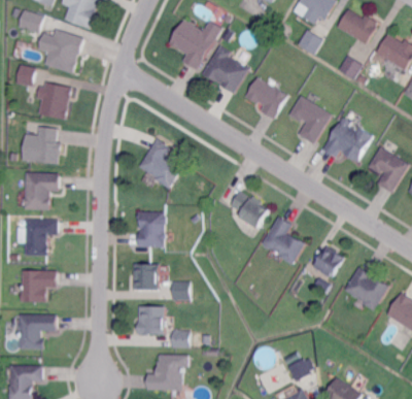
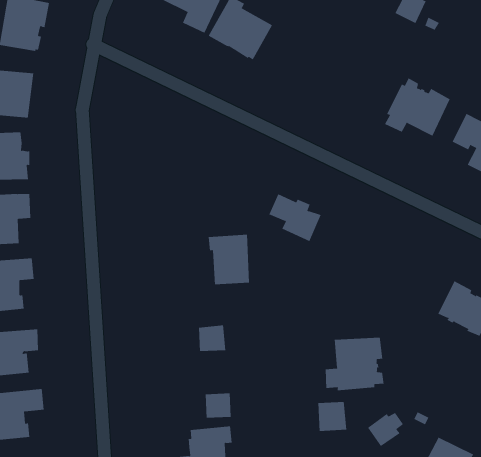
building: [244,77,287,120] -> none
building: [285,95,329,144] -> none
building: [138,139,183,189] -> none
building: [136,212,165,248] -> [208,234,250,285]
building: [260,218,303,264] -> none
building: [314,247,343,276] -> none
building: [131,264,158,292] -> none
building: none -> [325,337,384,391]
building: [136,307,163,336] -> none

